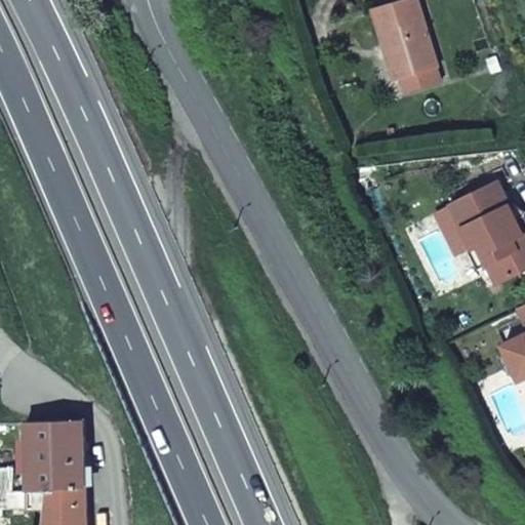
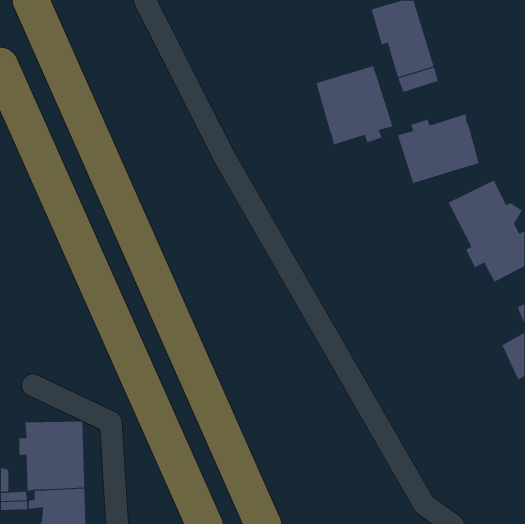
building: none -> [316,65,393,145]
building: none -> [397,114,480,184]

